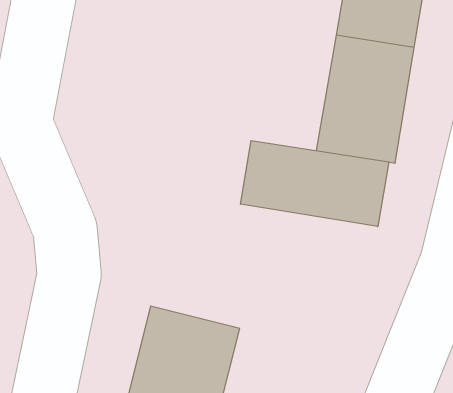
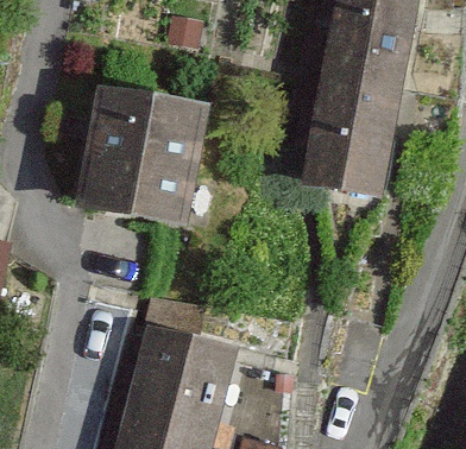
building: none -> [88,89,207,223]
building: [241,141,389,227] -> none

